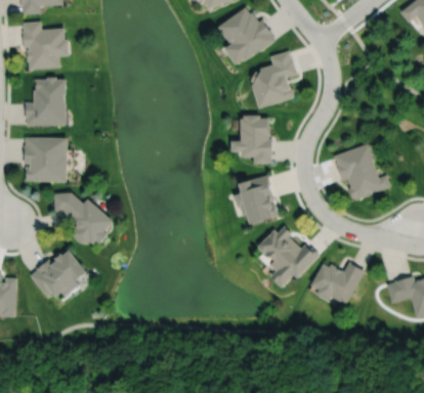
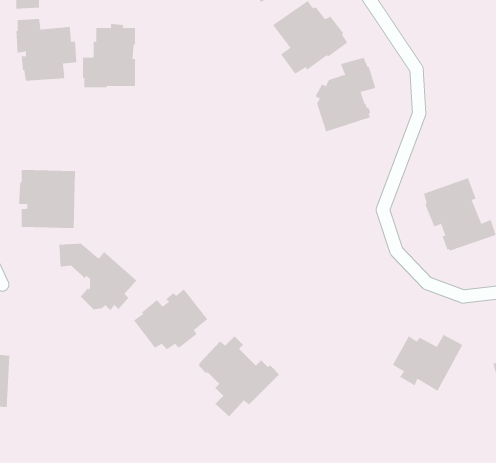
building: [26,77,67,126] -> [82,24,136,88]
building: [229,116,272,164] -> none
building: [232,175,278,226] -> none
building: [257,226,320,289] -> [198,336,280,417]
building: [31,252,88,299] -> [133,288,208,350]

